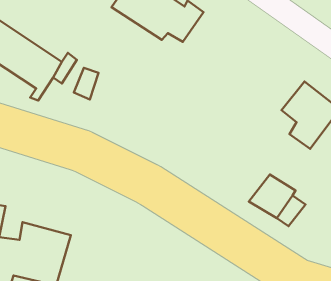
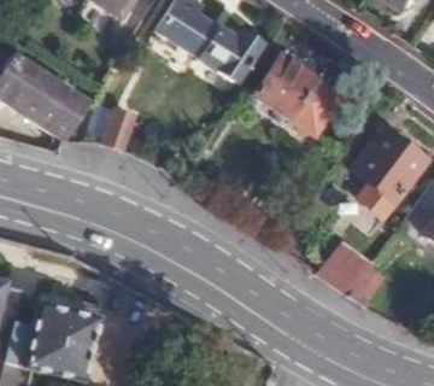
building: none -> [251,57,338,134]

